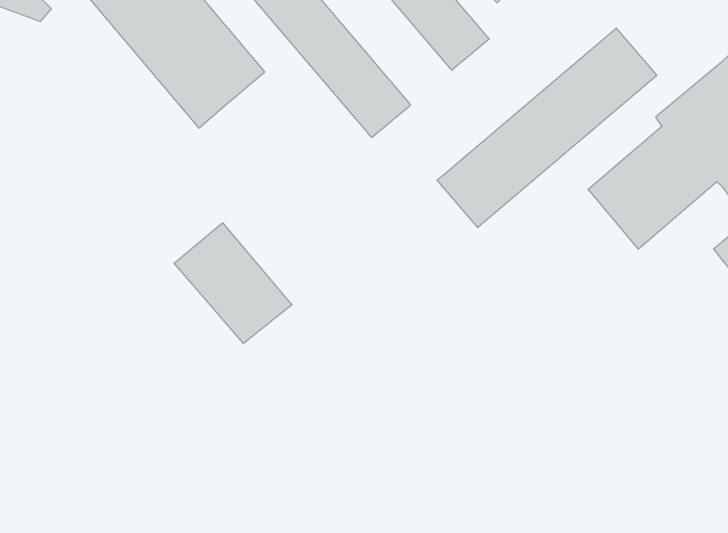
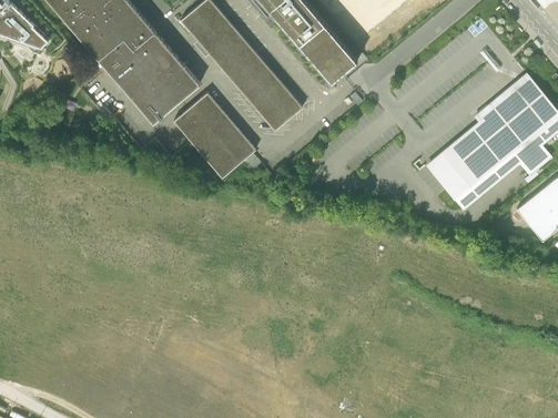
building: [437,28,657,228] -> none
building: [174,223,292,344] -> [172,94,255,180]

